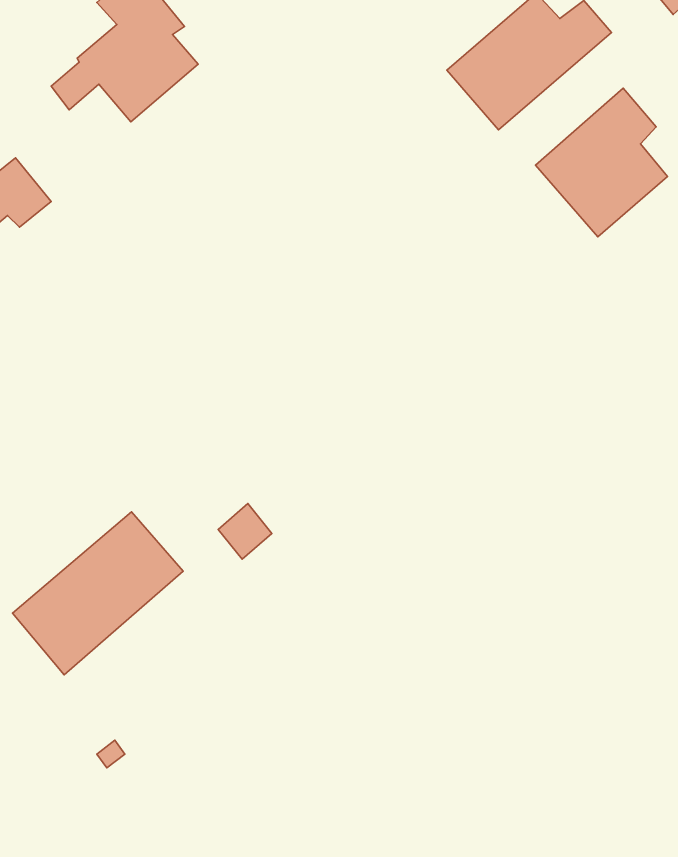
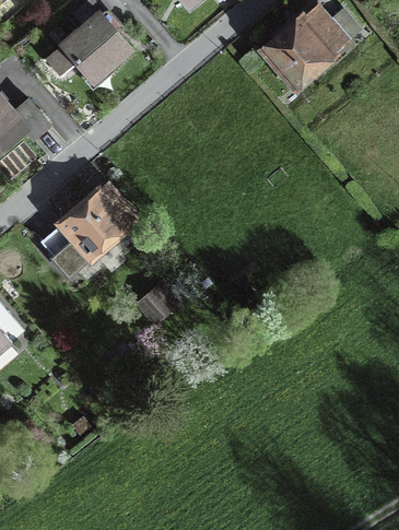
building: [536,88,667,237] -> none
building: [12,512,183,675] -> [39,187,133,276]

